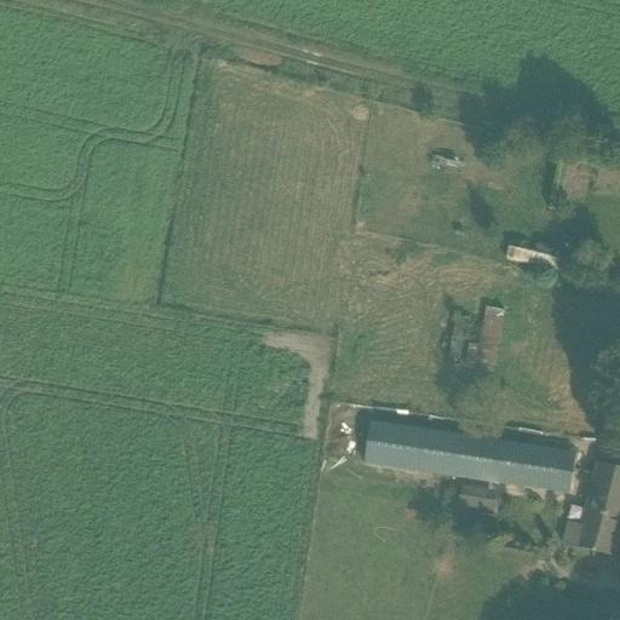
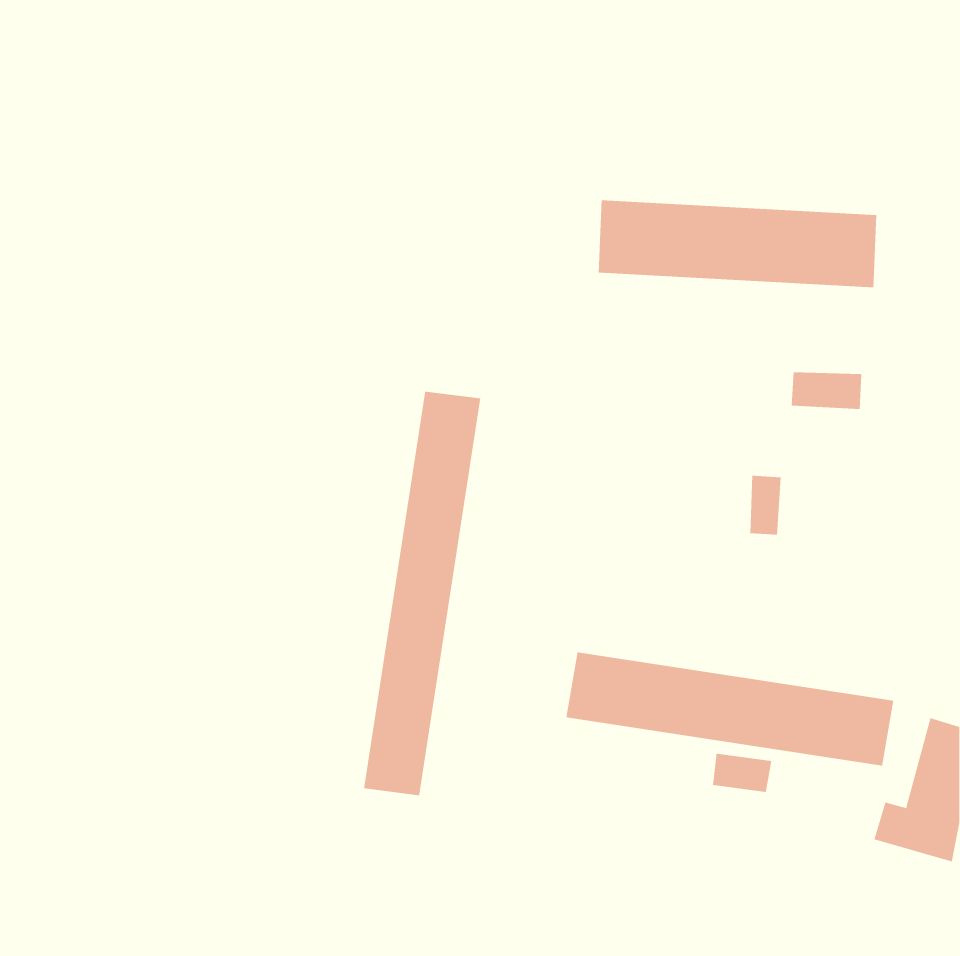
building: none -> [598,199,877,288]
building: none -> [363,391,481,796]

